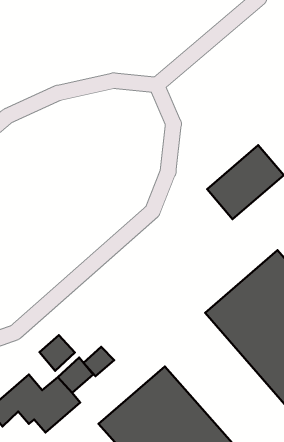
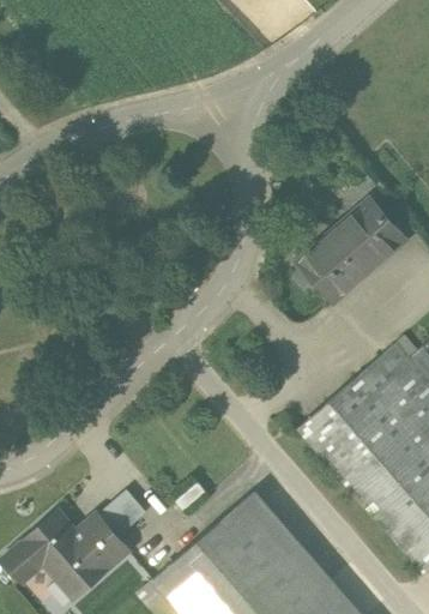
building: [40,335,75,371] -> none
building: [83,347,114,376] -> none

